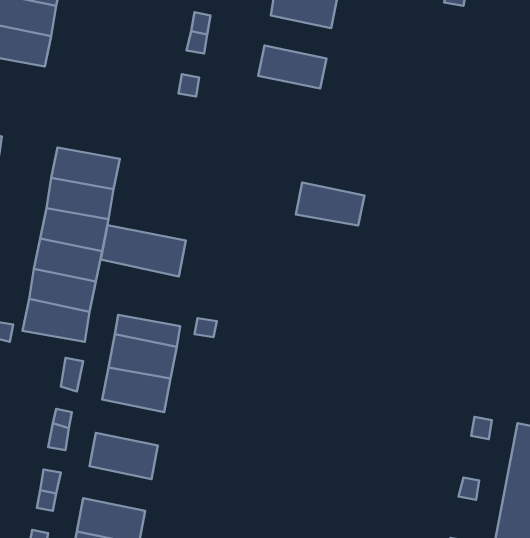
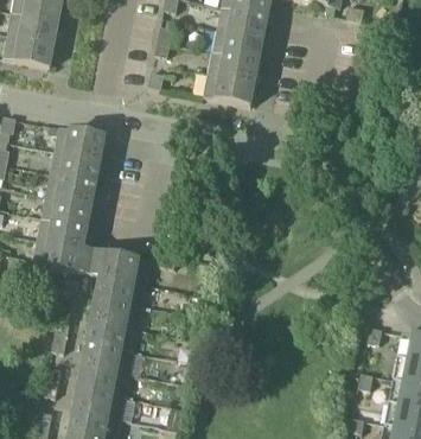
building: none -> [212,25,262,57]
building: [296,183,364,226] -> [203,70,254,102]
building: [101,225,186,277] -> none
building: none -> [87,311,138,345]
building: none -> [77,361,128,394]

